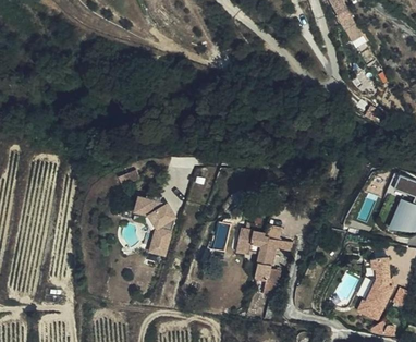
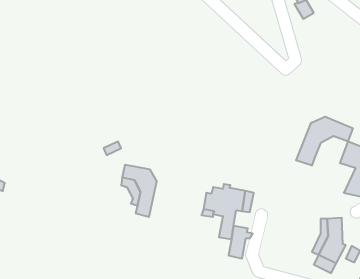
building: none -> [296,117,353,166]

